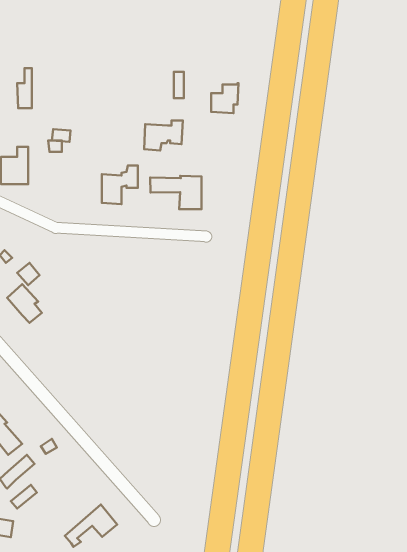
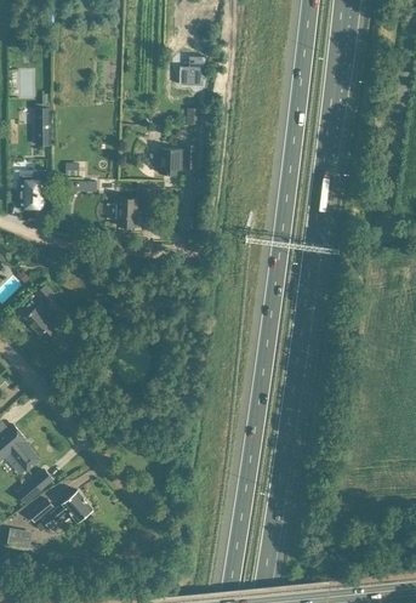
building: [211,83,239,113] -> [178,57,205,86]
building: [150,176,201,209] -> none
building: [65,504,117,547] -> [41,490,92,531]

